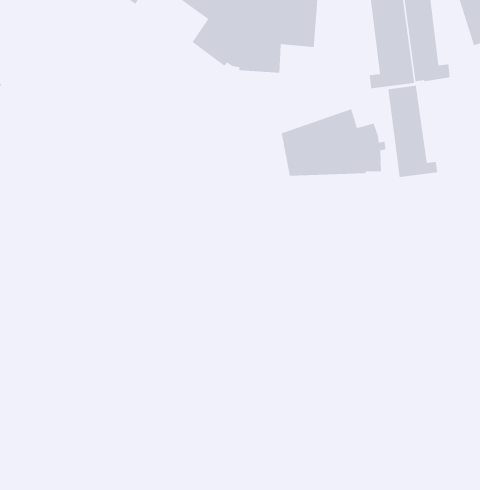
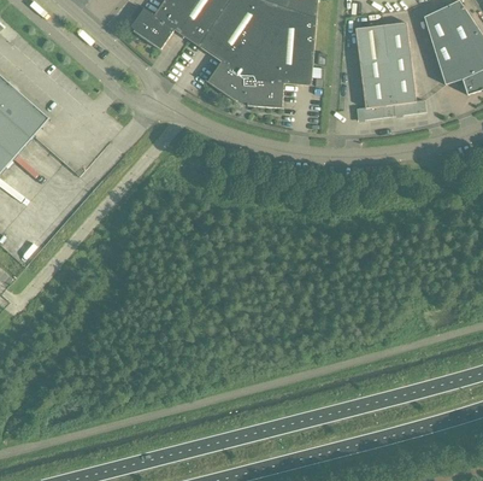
building: [388,85,438,178] -> none
building: [281,108,387,176] -> none

